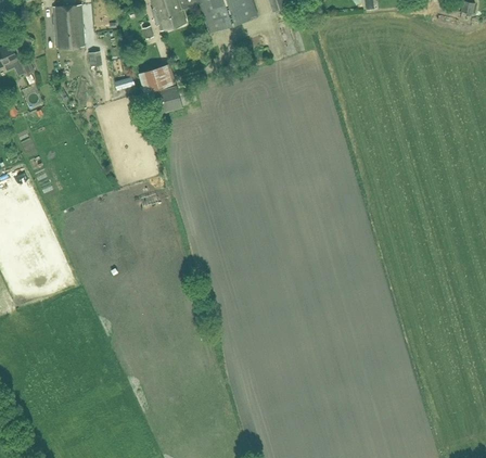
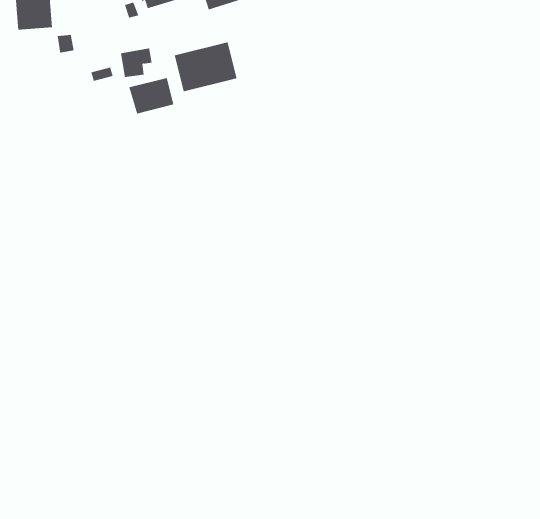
building: none -> [174,42,237,92]

